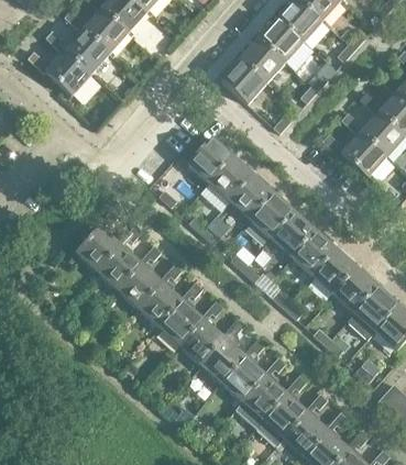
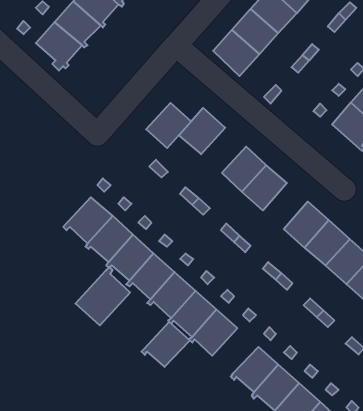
building: [210,156,255,201] -> [146,103,191,148]
building: [272,211,317,257] -> none
building: none -> [75,267,130,325]
building: [219,356,267,401] -> [141,322,190,367]

